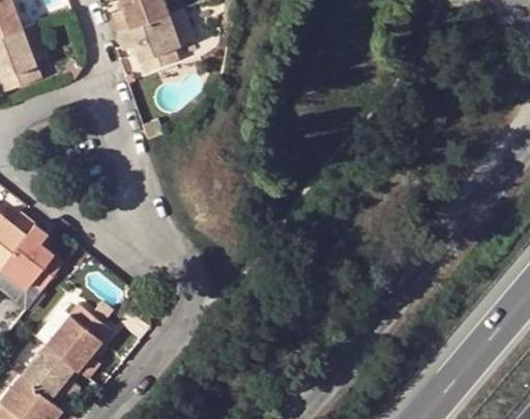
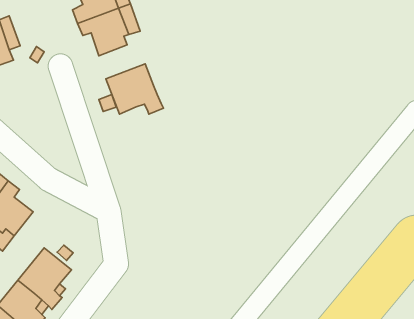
building: none -> [106,64,163,114]

